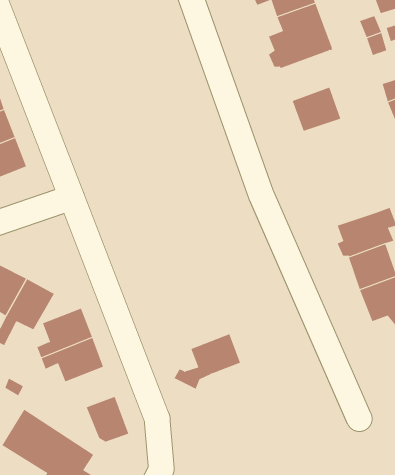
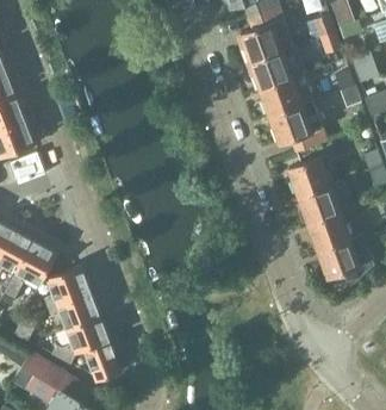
building: none -> [249,46,304,91]
building: none -> [269,100,328,151]
building: none -> [288,156,330,195]
building: [174,333,241,389] -> [52,316,110,364]

